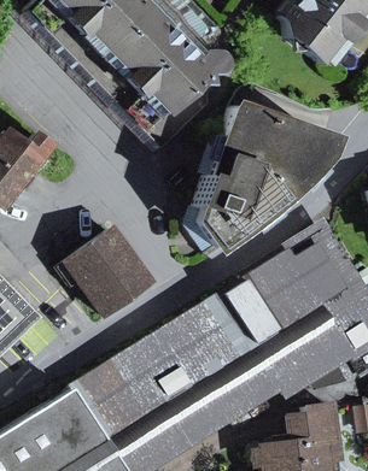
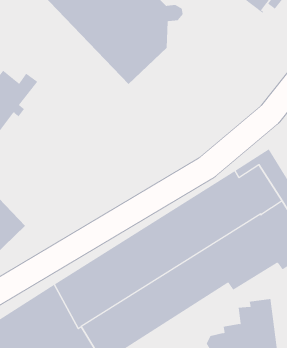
building: [197,105,331,247] -> none
building: [60,229,151,313] -> none

